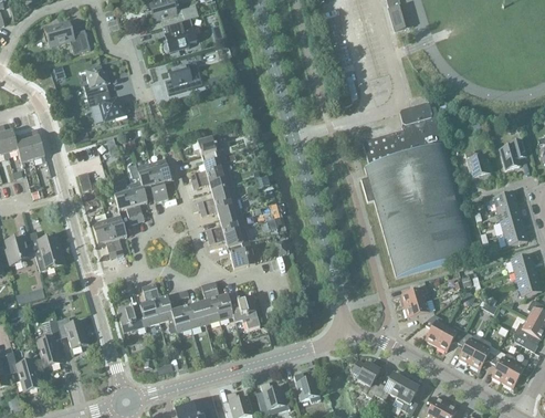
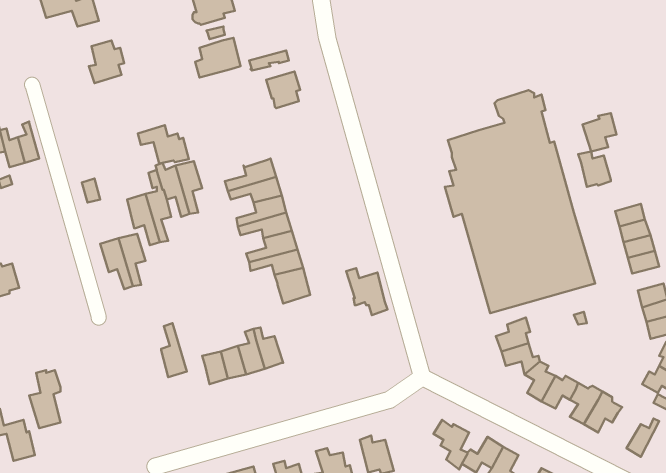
building: [87,91,127,121] -> [138,125,189,163]
building: [197,134,223,163] -> [266,71,300,108]
building: [500,139,526,169] -> [583,113,617,151]
building: [29,231,65,271] -> none
building: [148,282,174,322] -> none
building: [228,292,260,328] -> [346,268,387,315]
building: [117,304,145,332] -> none
building: [56,317,88,348] -> none
building: [491,349,515,382] -> none

